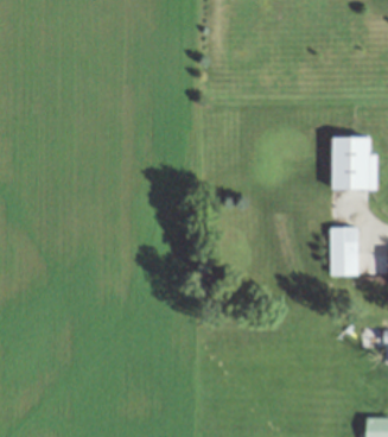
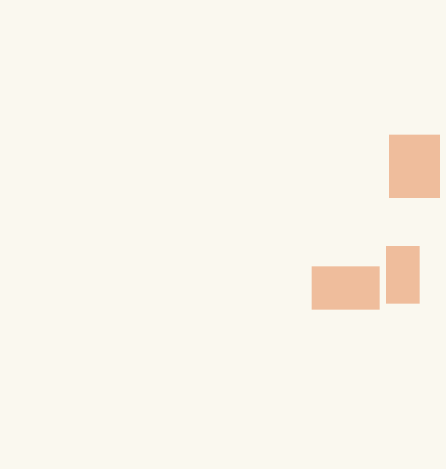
building: none -> [311,266,380,311]

